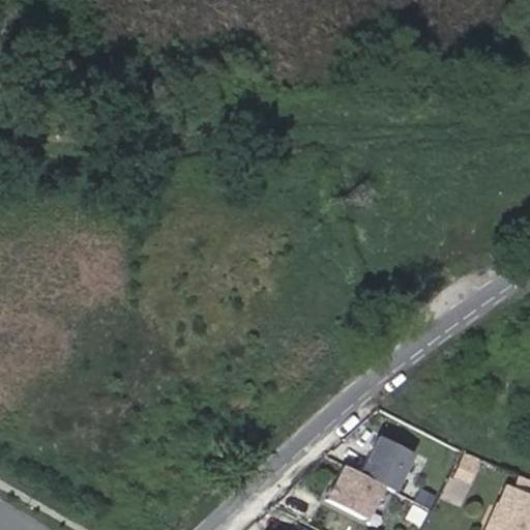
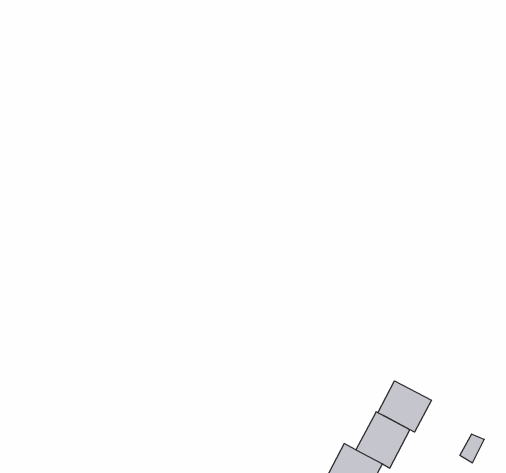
building: none -> [378,381,431,432]

